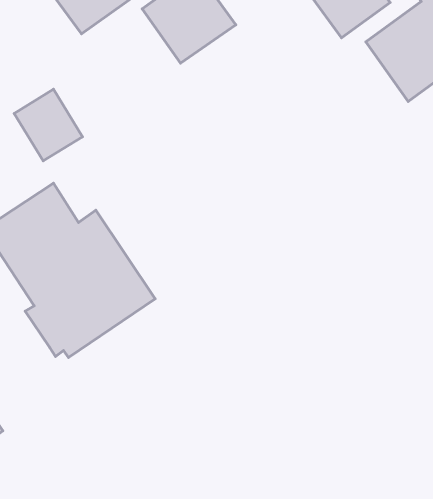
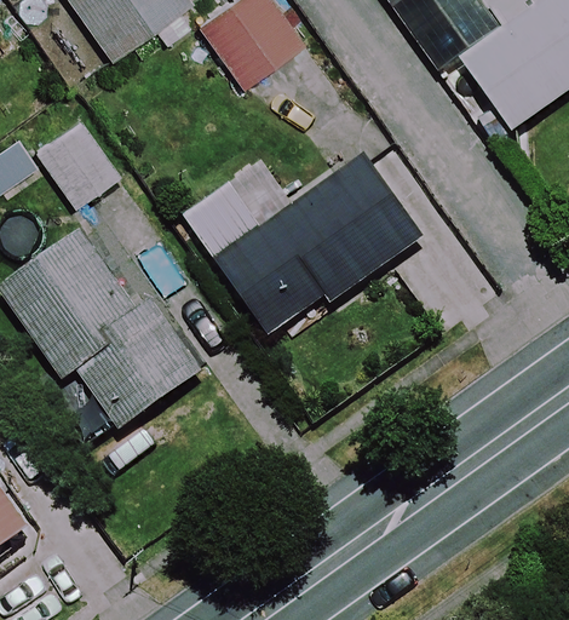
building: none -> [183,159,418,339]

